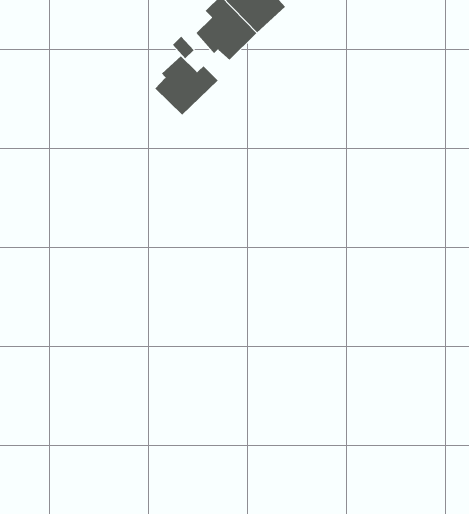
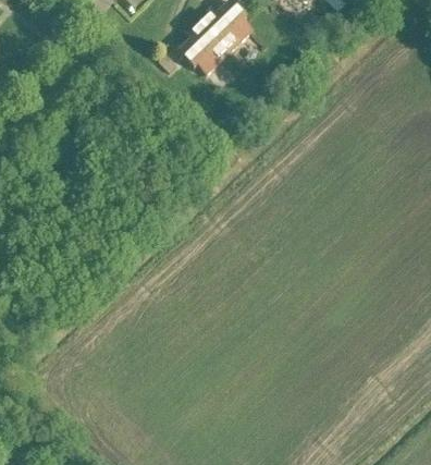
building: [155,55,219,116] -> none

